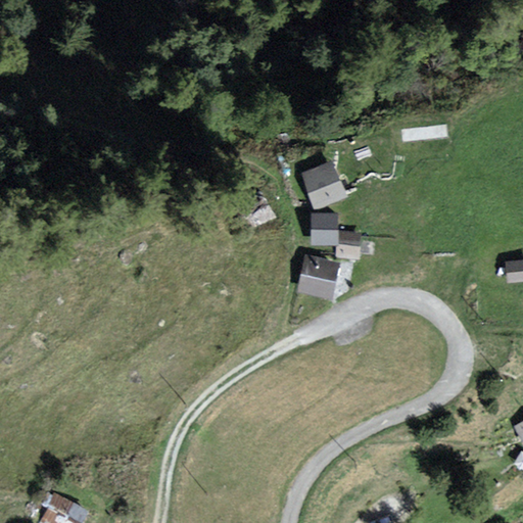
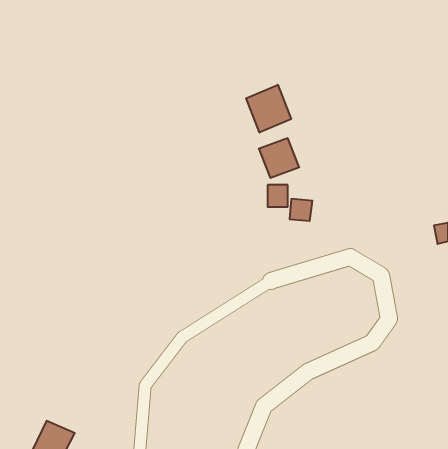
building: none -> [246,85,291,133]
building: [298,257,341,300] -> none

